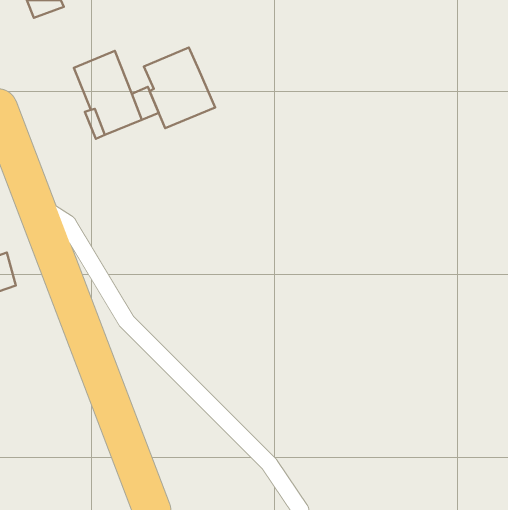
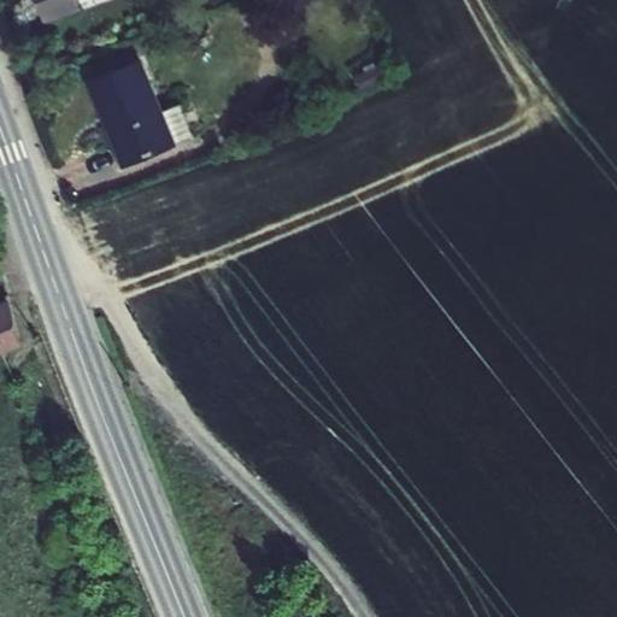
building: [144,47,215,128] -> none

